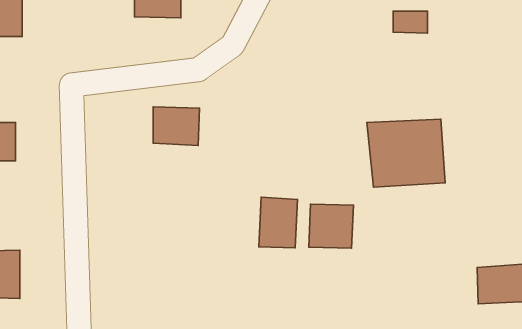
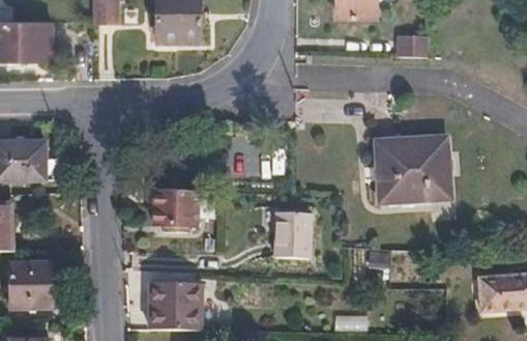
building: [153,107,199,146] -> [153,190,197,226]
building: [309,204,353,248] -> none
building: none -> [148,284,198,330]

